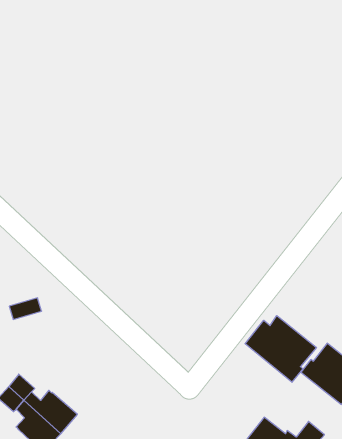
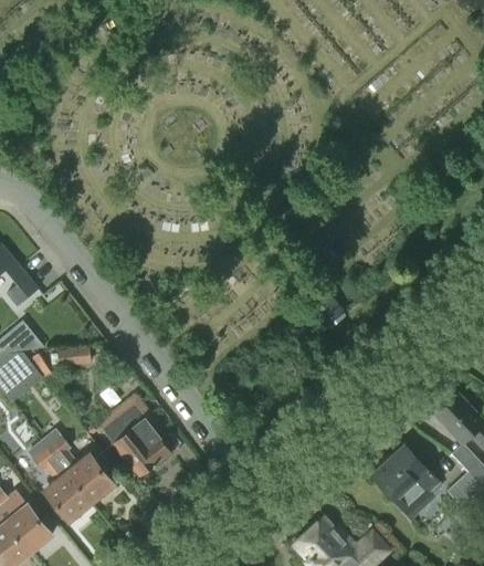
building: [245,316,316,382] -> none
building: none -> [97,392,171,475]

